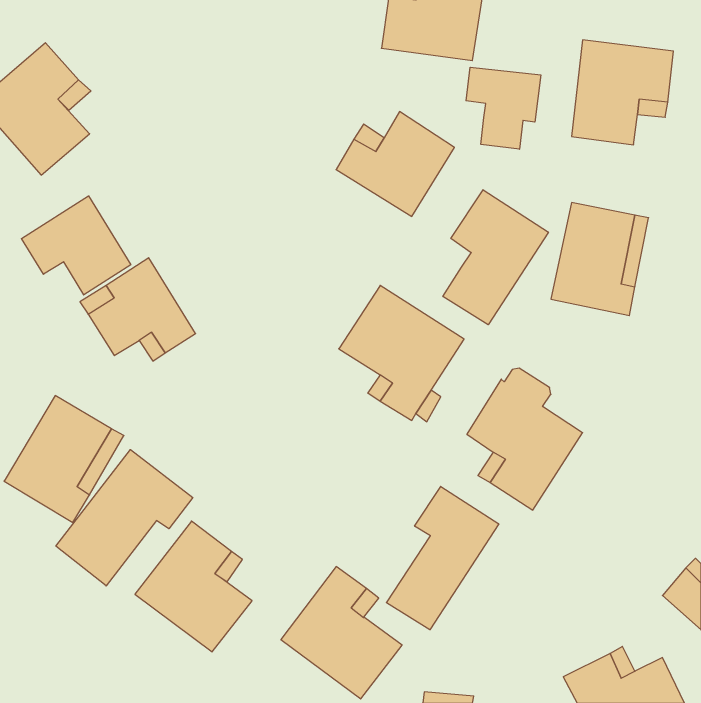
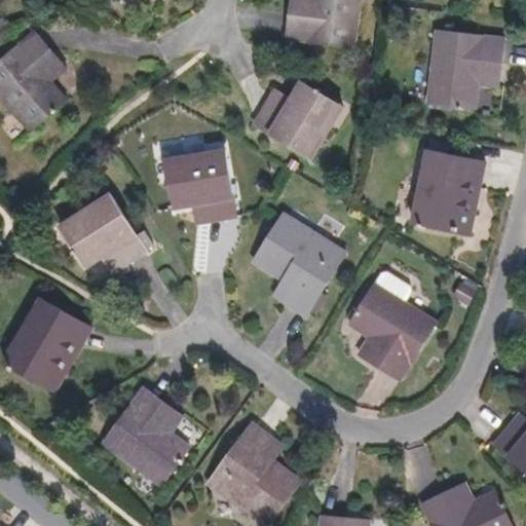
building: [466,67,541,149] -> none
building: [443,190,548,325] -> none
building: [21,196,131,295] -> none
building: none -> [162,151,237,227]
building: [56,450,193,586] -> none
building: [386,486,499,630] -> none

